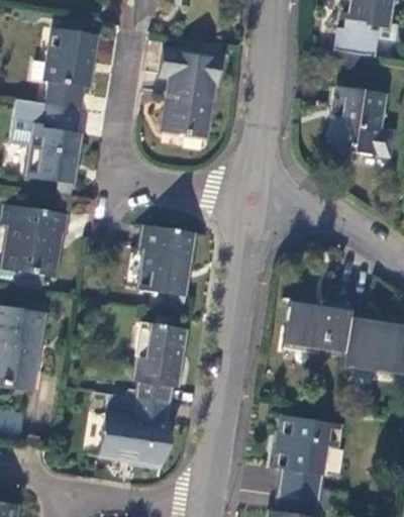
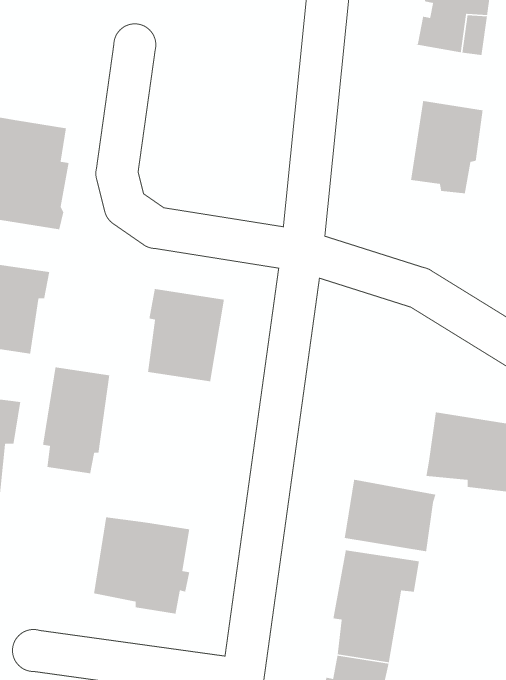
building: [43,26,98,109] -> none
building: [162,50,223,137] -> none
building: [284,299,351,352] -> [344,479,437,552]
building: [135,323,185,402] -> [42,366,110,474]

